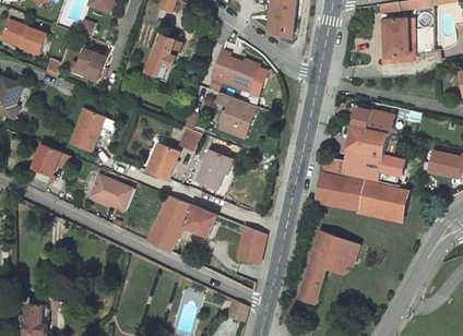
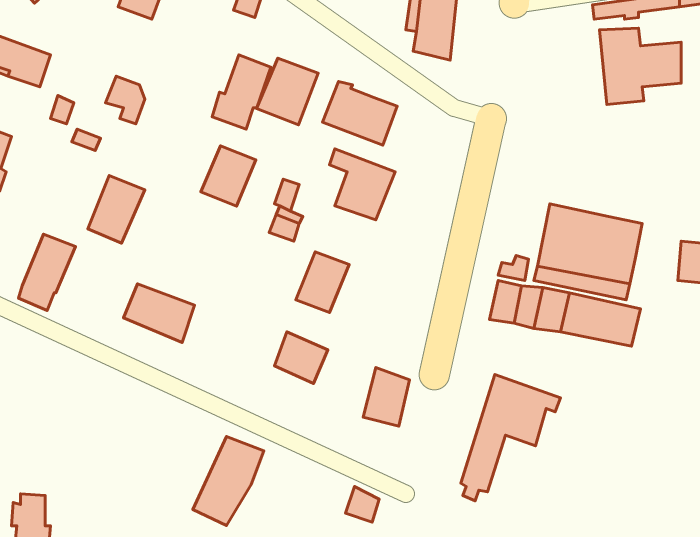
building: none -> [256,58,318,125]
building: [353,109,393,134] -> none
building: [147,141,181,178] -> [201,146,256,206]
building: [147,196,191,251] -> [193,437,264,526]

